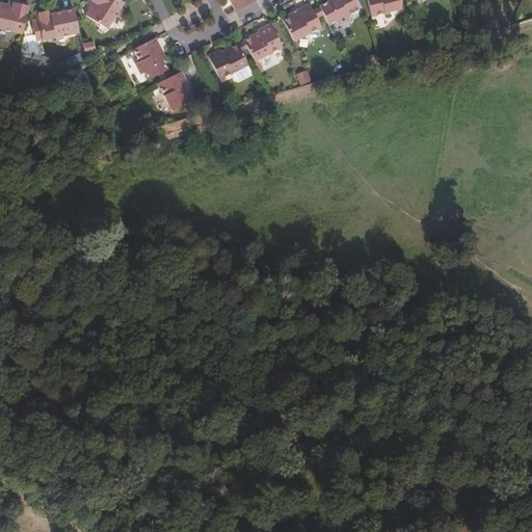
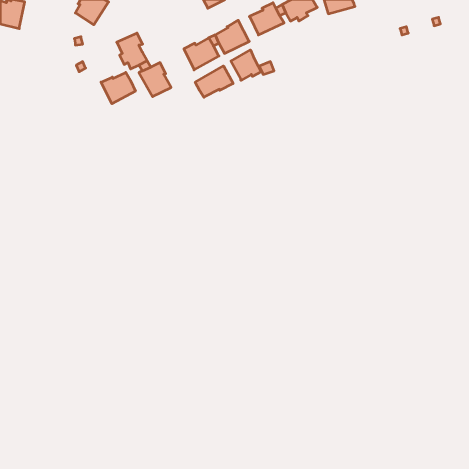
building: [33,6,79,41] -> none
building: none -> [231,50,261,80]
building: none -> [195,66,233,97]
building: none -> [101,72,135,104]

